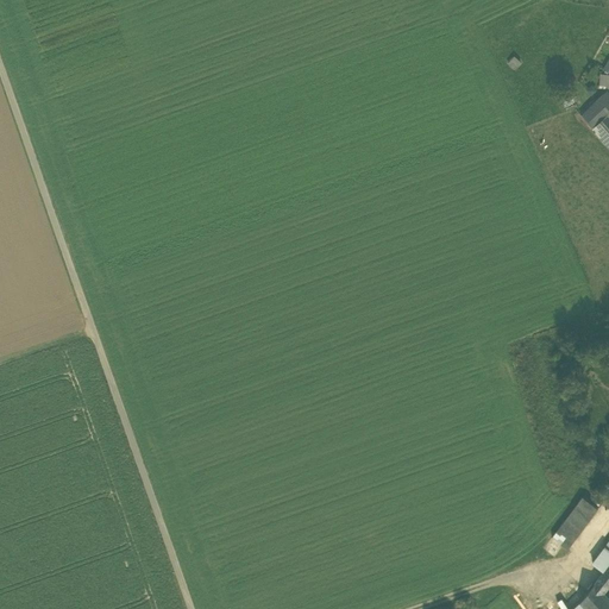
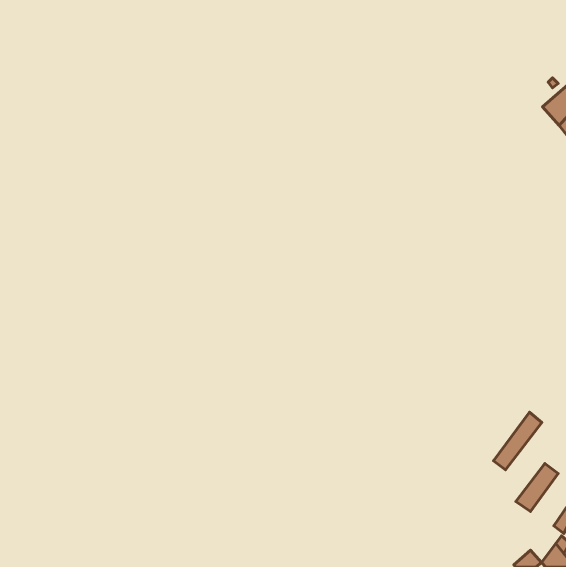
building: none -> [493,412,542,470]

